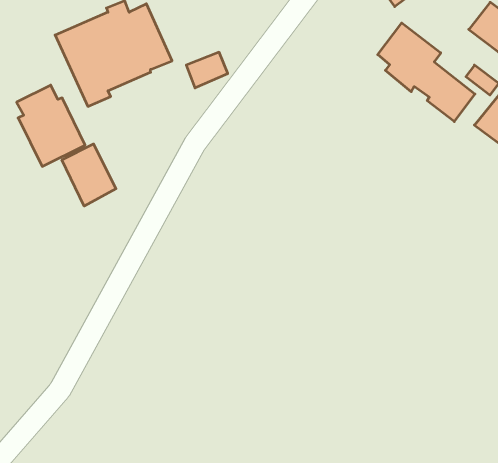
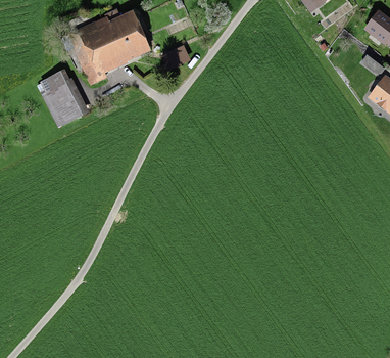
building: [378,23,475,122] -> none
building: [62,144,116,206] -> none

